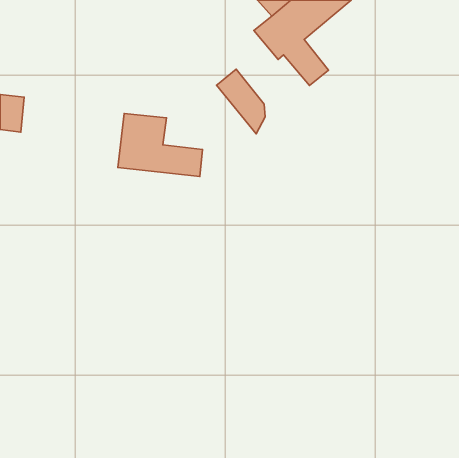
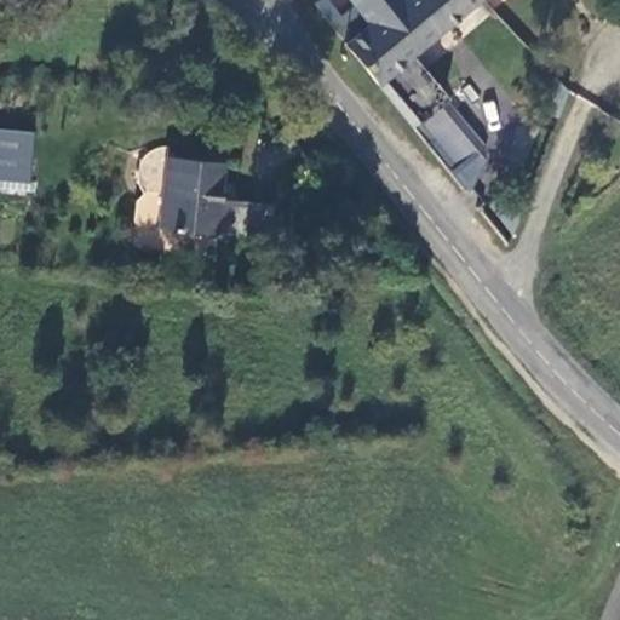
building: [216,69,265,134] -> [417,97,482,184]
building: none -> [134,148,168,253]

